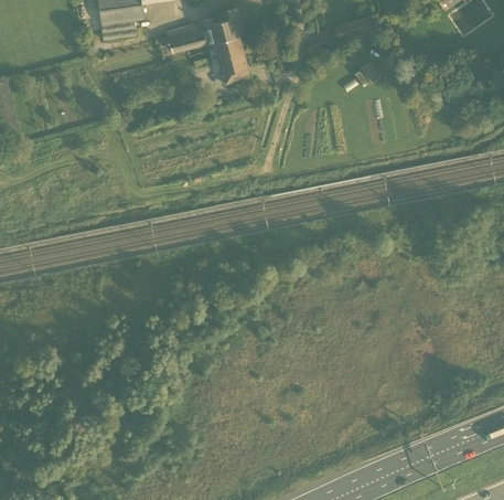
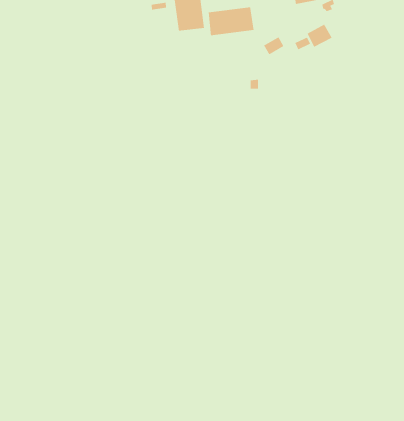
building: none -> [208,6,254,36]

